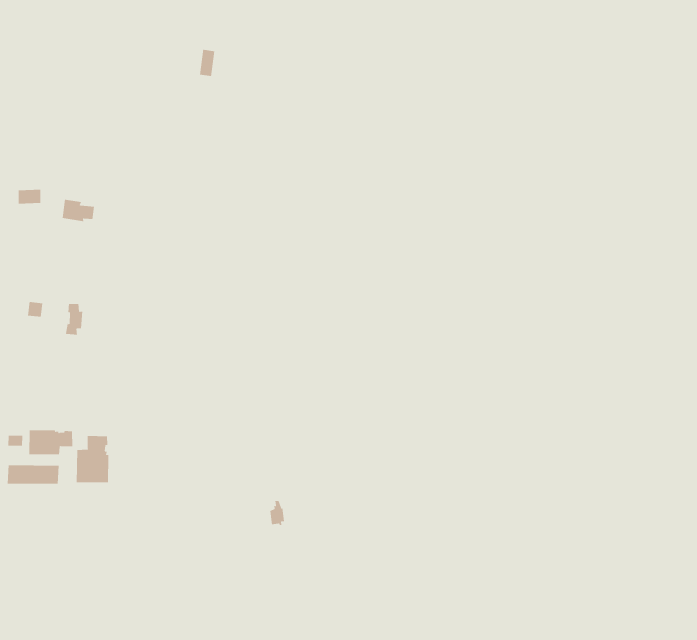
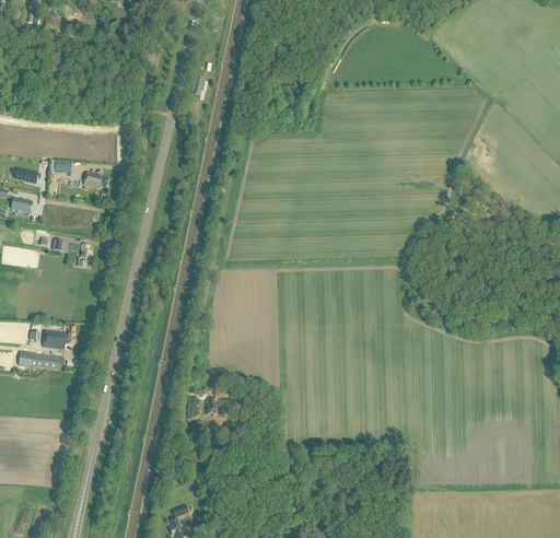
building: [76,435,109,483] -> none

